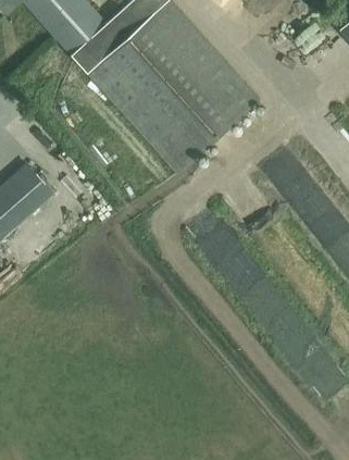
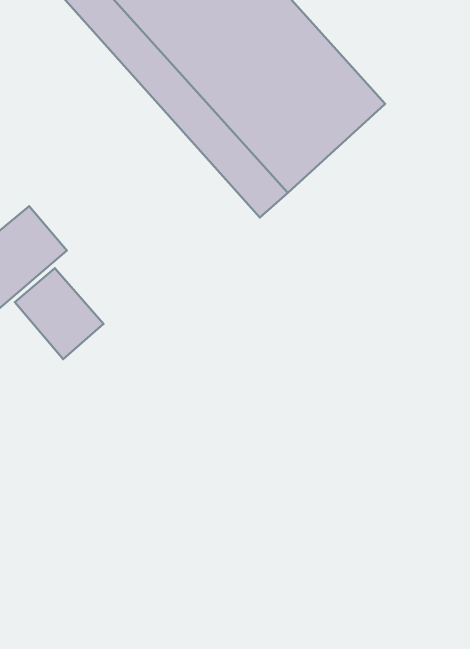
building: none -> [15,268,104,359]

